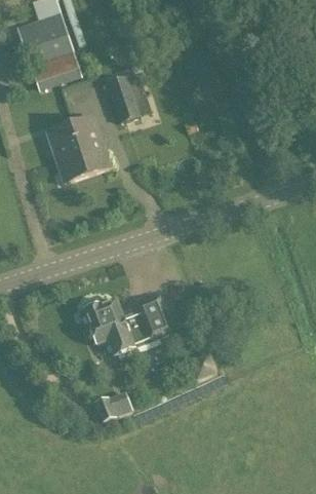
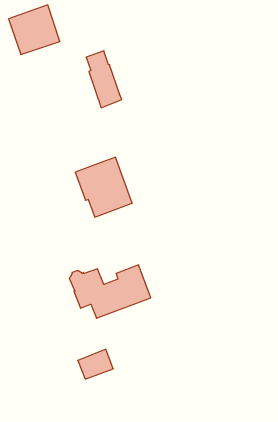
building: [30,50,81,90] -> none
building: [48,117,111,183] -> [75,157,132,217]

